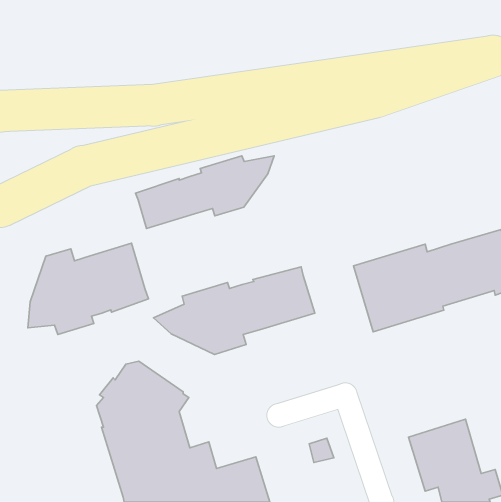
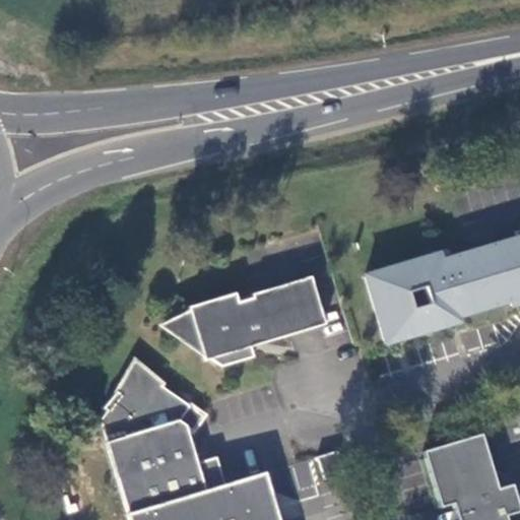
building: [136,156,274,229] -> none
building: [28,243,149,334] -> none

